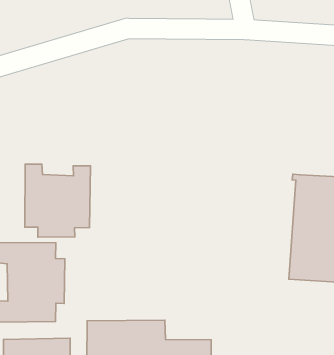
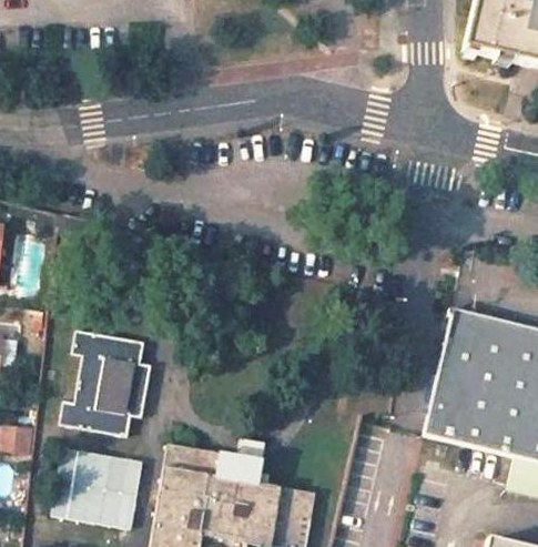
building: [25,164,91,237] -> none

